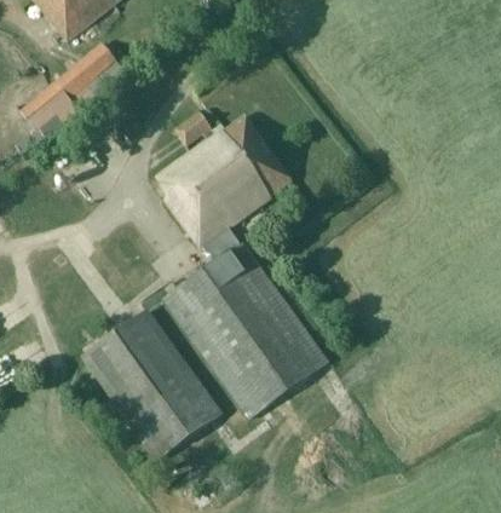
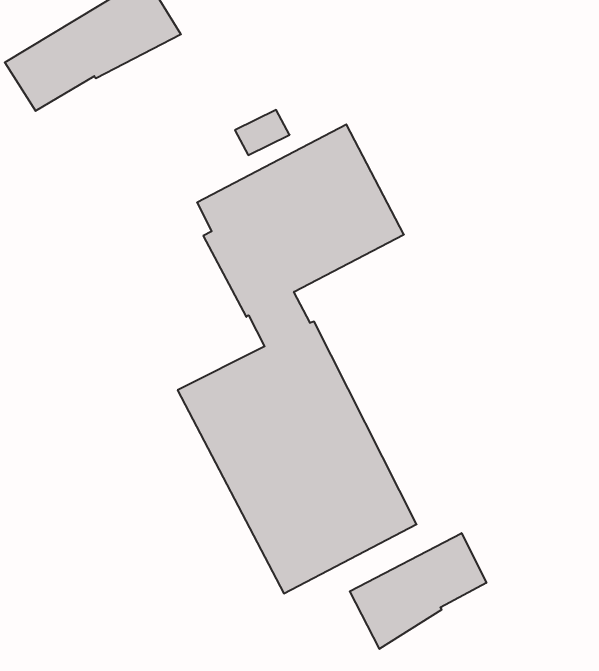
building: [82,310,221,459] -> none
building: none -> [350,533,486,649]

